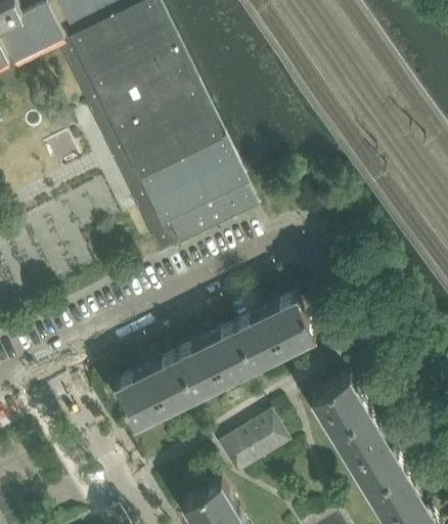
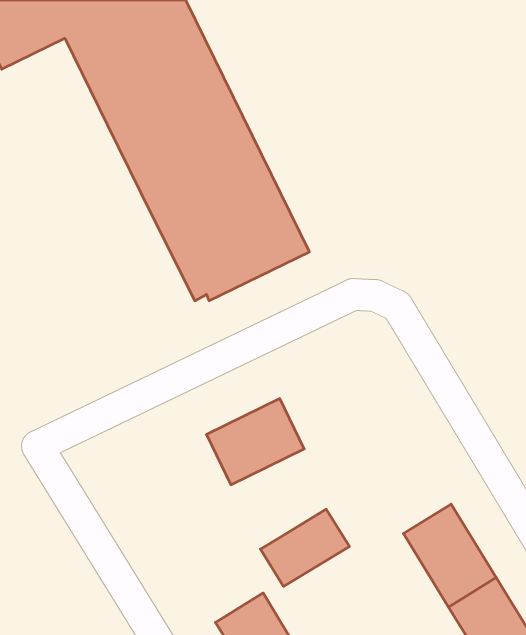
building: [232,297,313,367] -> none
building: [113,356,193,426] -> none
building: [310,378,368,435] -> none

